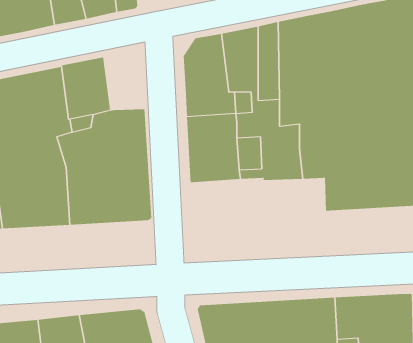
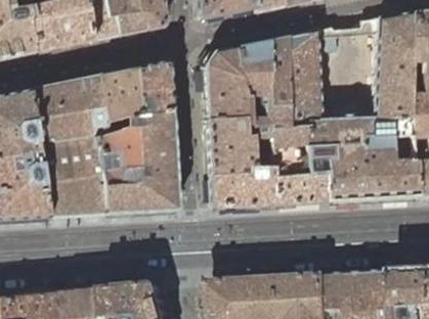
building: none -> [131,60,167,112]
building: none -> [206,172,324,207]

